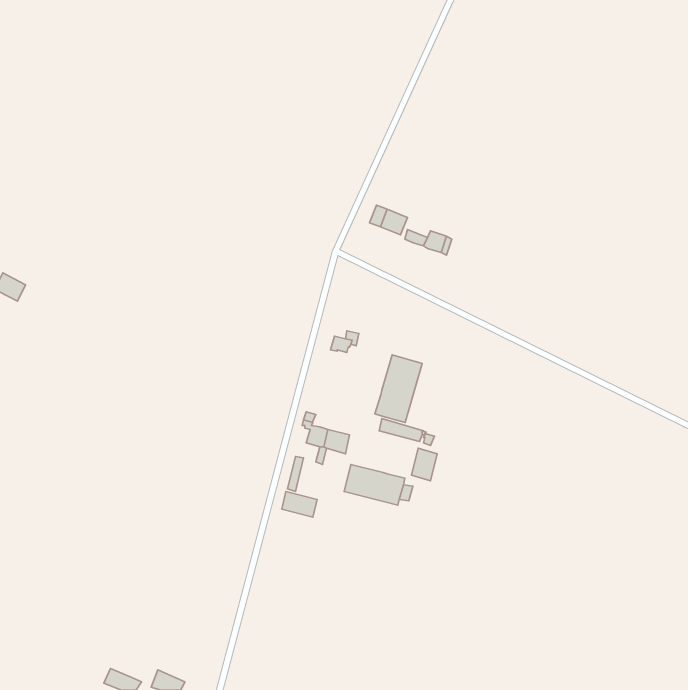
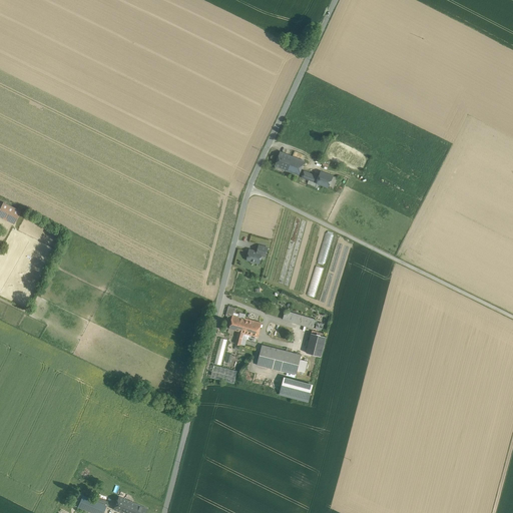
building: [375,355,422,422] -> none
building: none -> [280,379,310,401]

